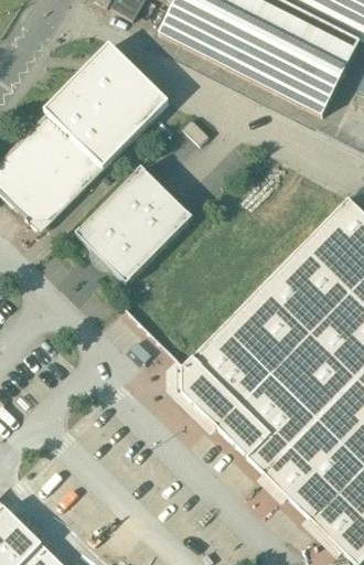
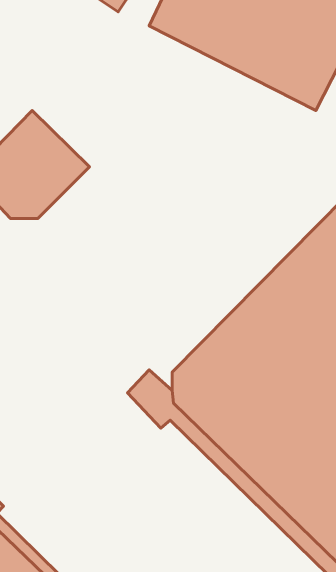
building: [42,42,168,167] -> none
building: [75,164,191,284] -> none

